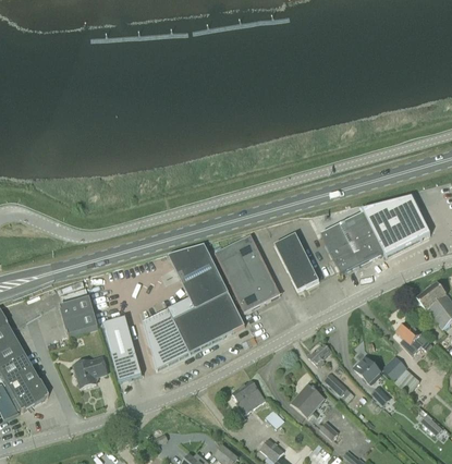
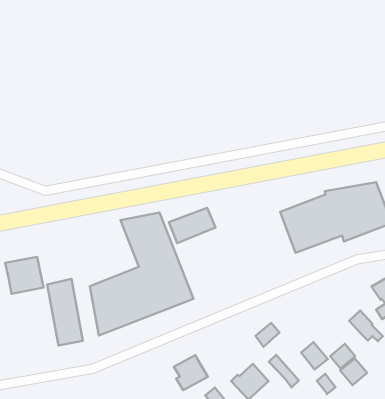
building: [274,233,319,291] -> none
building: [224,254,280,312] -> none
building: [74,357,107,387] -> none

